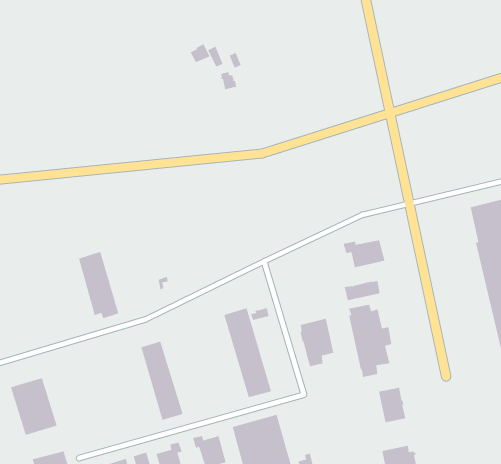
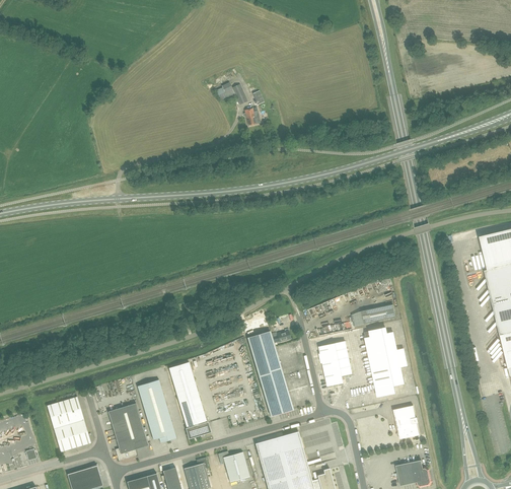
building: [343,240,385,268] -> none
building: [78,251,119,319] -> [138,379,176,443]
building: none -> [108,403,149,461]

